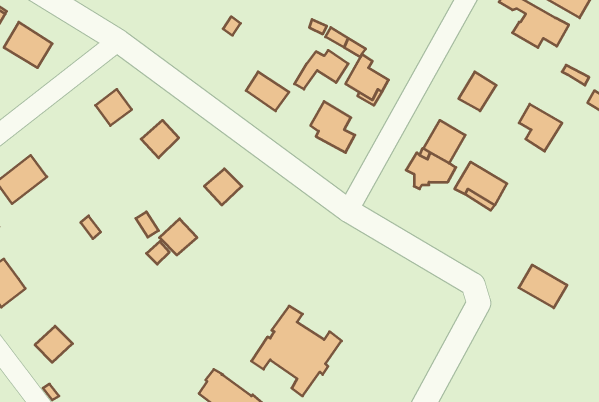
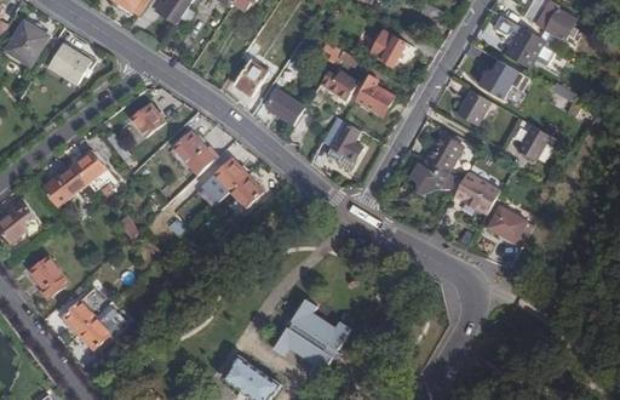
building: none -> [369,29,413,70]
building: none -> [234,59,268,95]
building: none -> [480,59,529,98]
building: none -> [71,150,110,192]
building: [159,219,197,255] -> [212,159,246,192]
building: [519,265,567,308] -> [488,205,532,244]
building: none -> [59,288,107,335]

